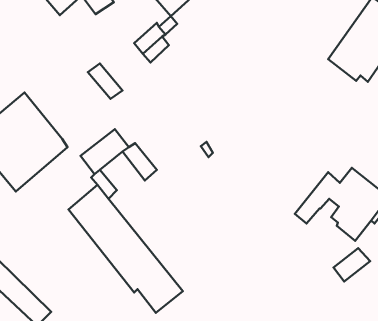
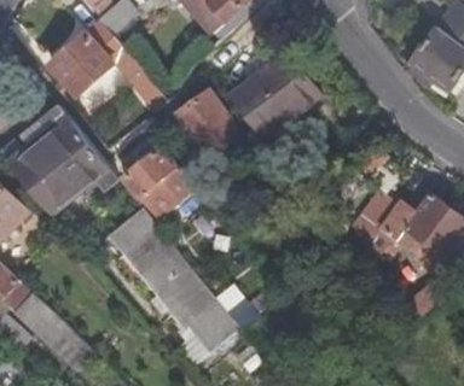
building: none -> [51,22,129,96]
building: none -> [233,54,319,136]
building: none -> [176,93,237,156]

